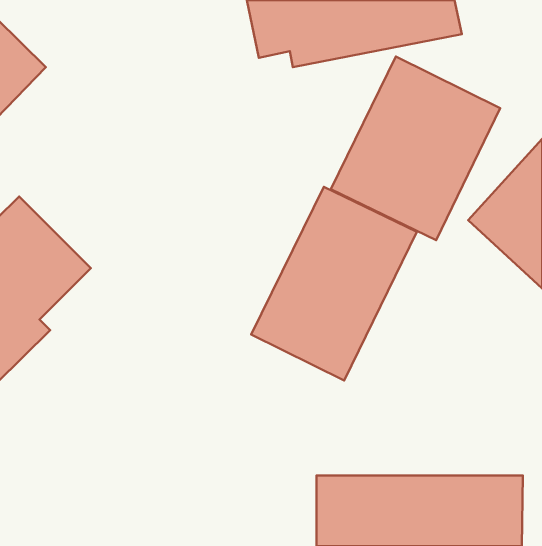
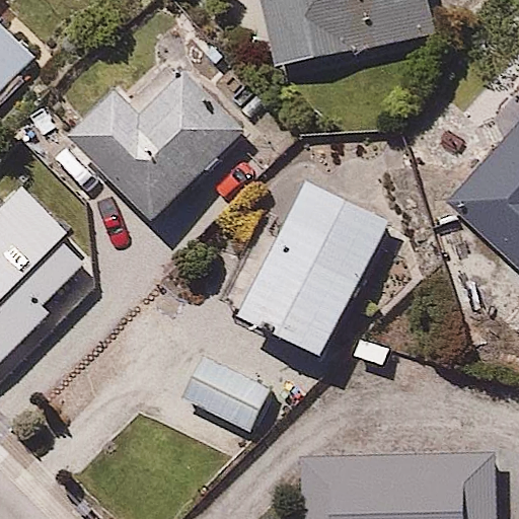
building: [331,57,500,240] -> none
building: none -> [55,71,241,219]
building: none -> [179,358,264,431]

